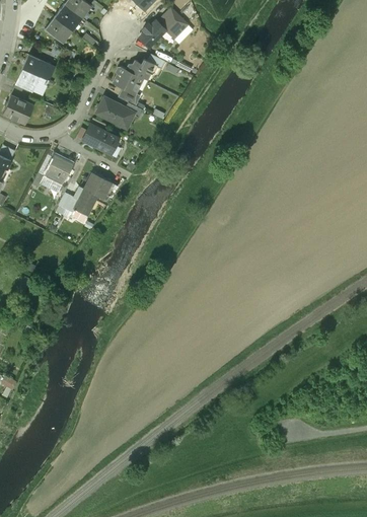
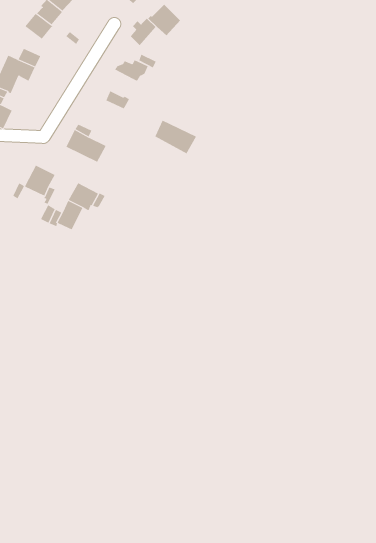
building: [113,67,143,94] -> none
building: [96,97,135,129] -> [155,120,197,154]

